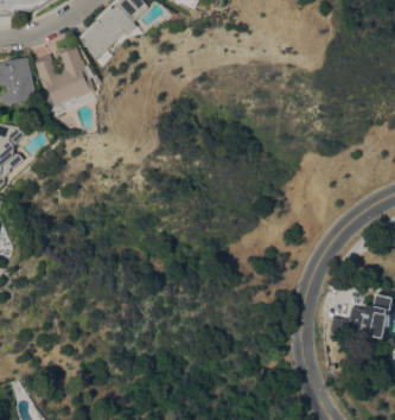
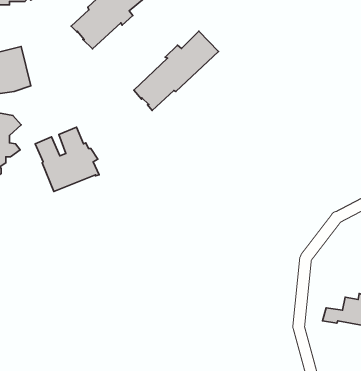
building: none -> [134,31,219,110]
building: [34,44,98,108] -> [35,127,99,191]

